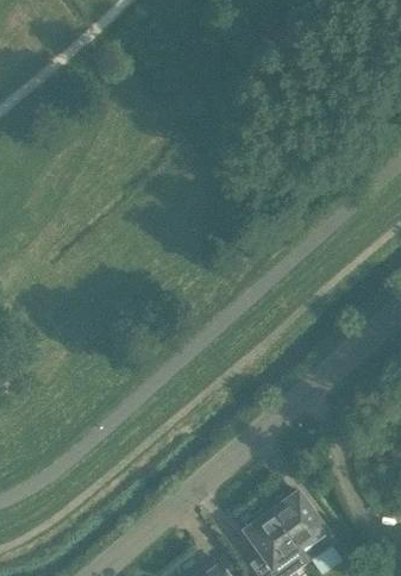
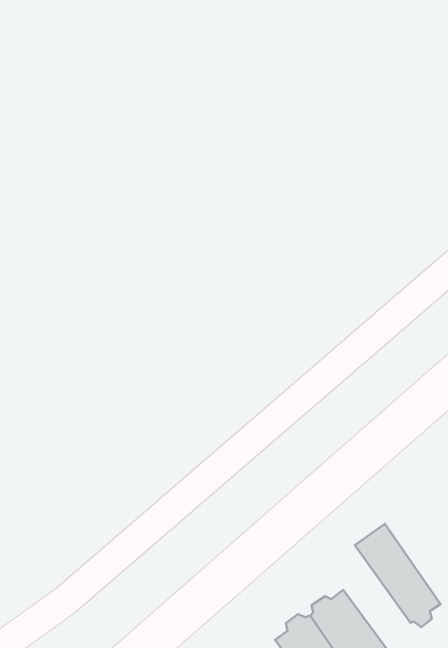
building: none -> [355,524,440,627]

